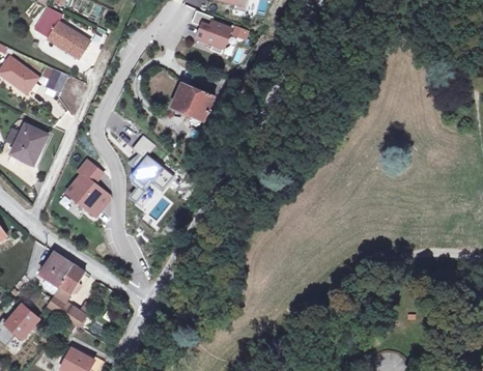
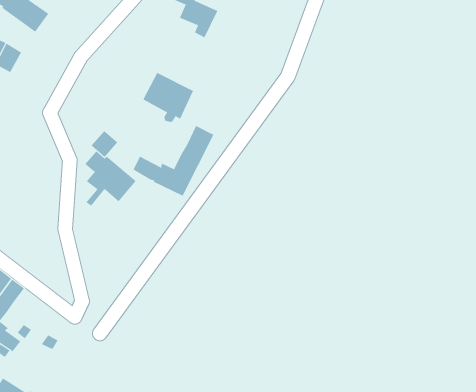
building: none -> [133,125,214,197]
building: [67,161,107,216] -> none

